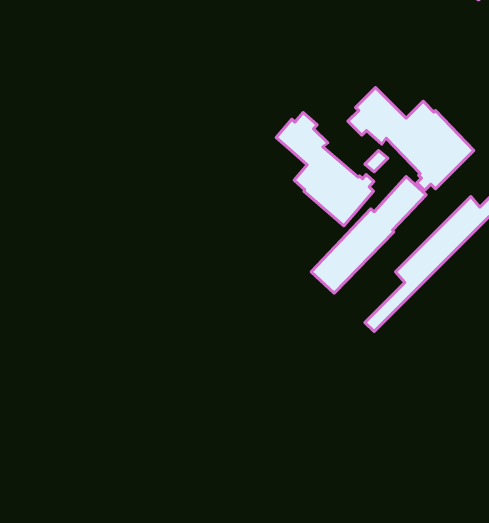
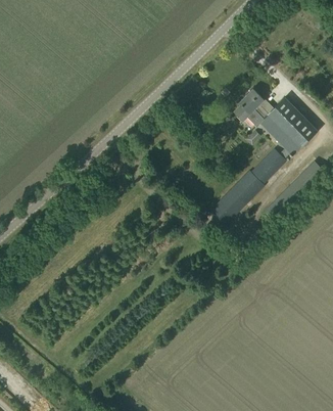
building: [276,112,374,226] -> none

